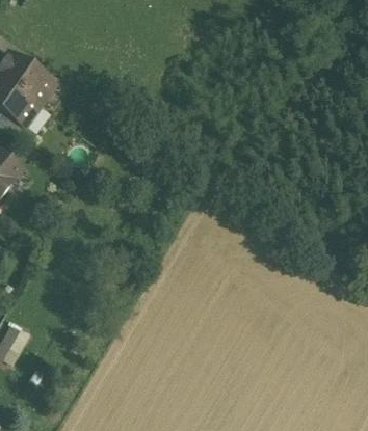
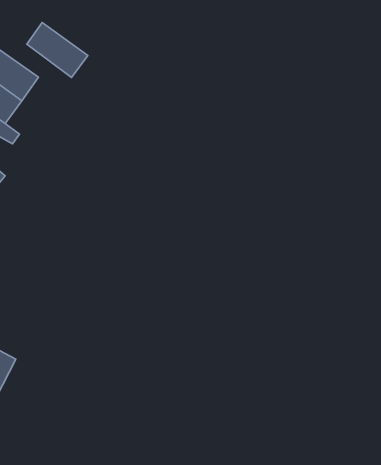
building: none -> [27,22,88,78]

